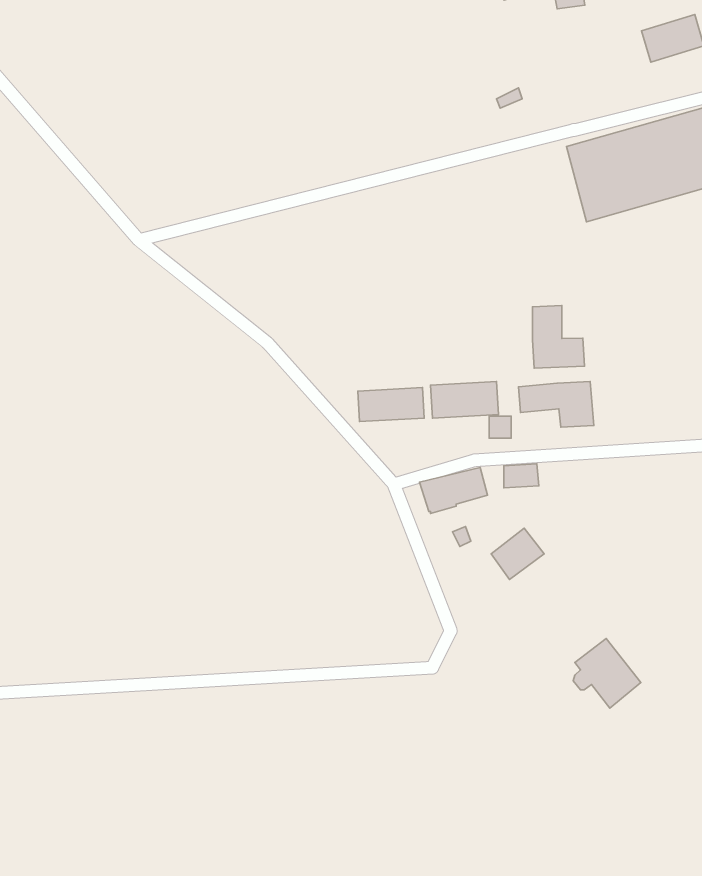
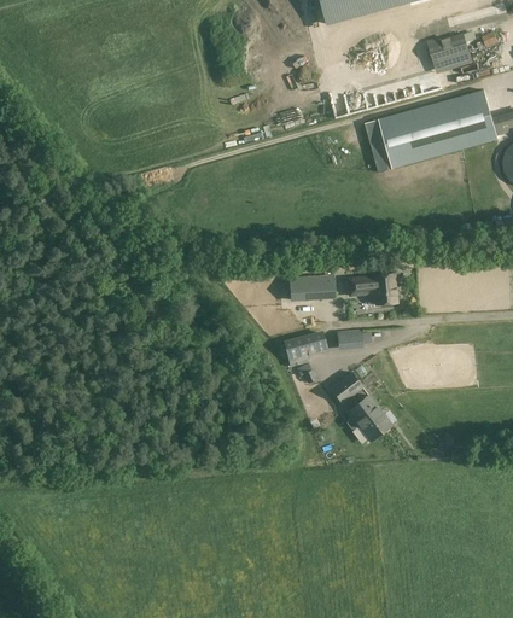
building: [533,305,584,368] -> none
building: [358,387,424,422] -> none
building: [573,639,641,708] -> [344,395,389,441]

